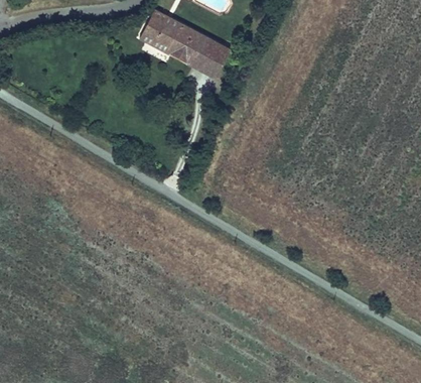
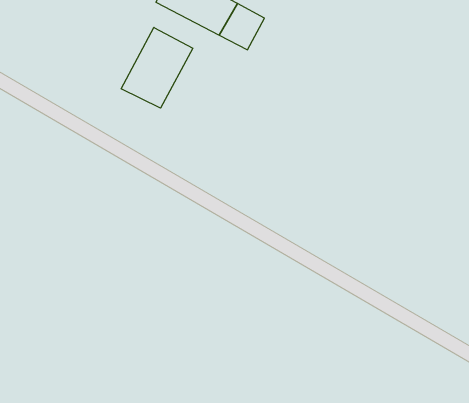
building: none -> [121,27,193,108]

